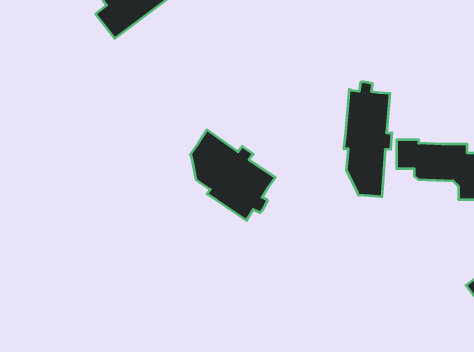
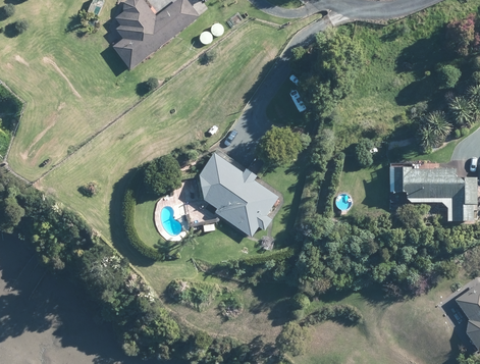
building: [344,82,392,197] -> none

